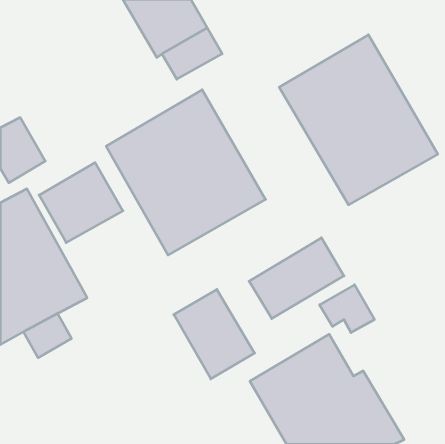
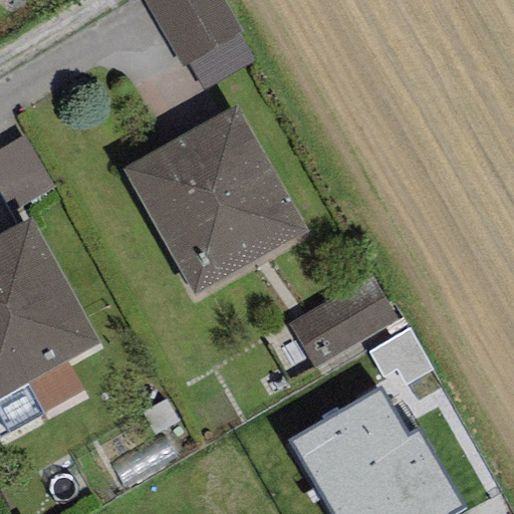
building: [279,35,438,205] -> none
building: [39,163,123,243] -> none
building: [174,289,255,379] -> none

